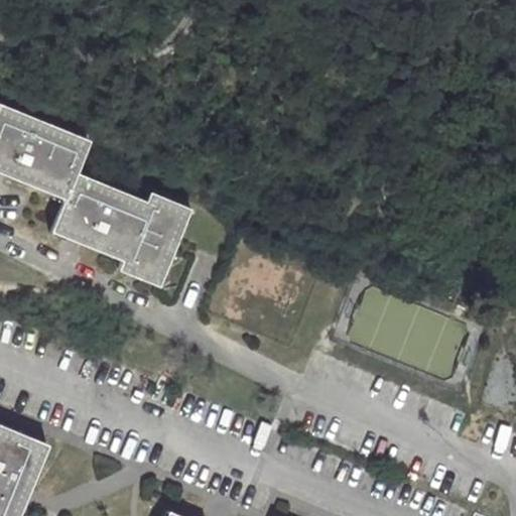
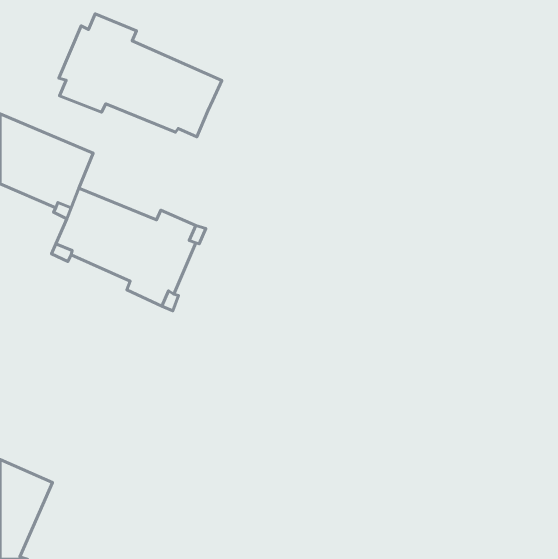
building: none -> [59,14,222,137]

